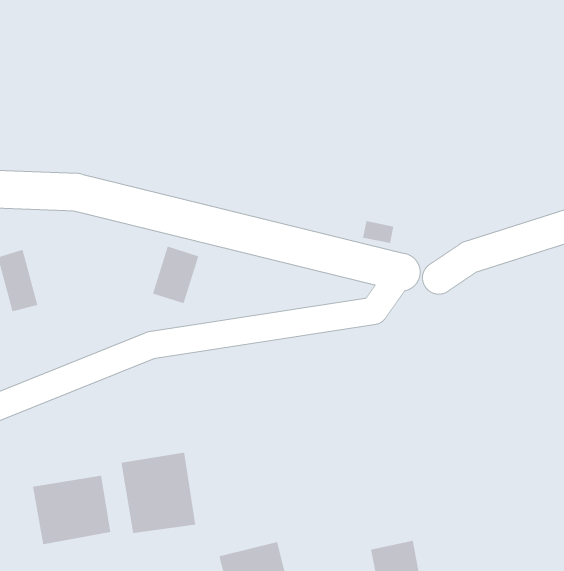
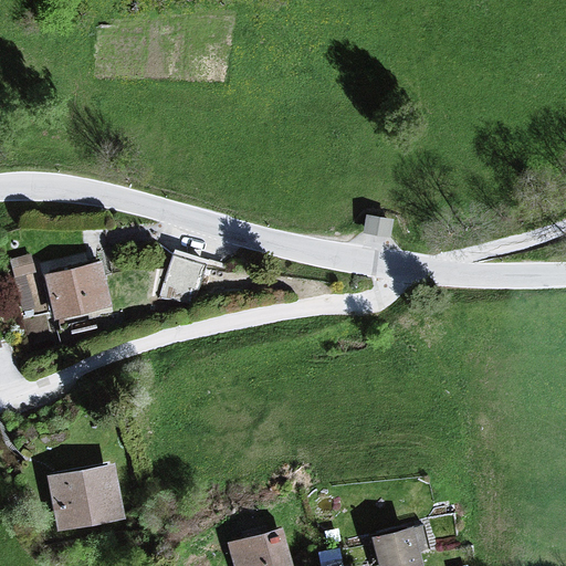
building: none -> [46,263,114,322]
building: [121,452,196,534] -> none

